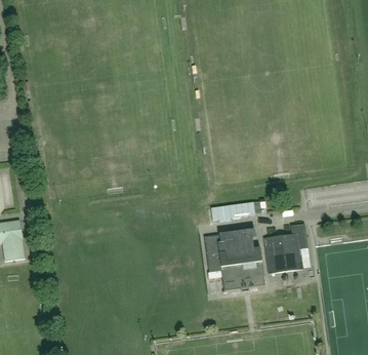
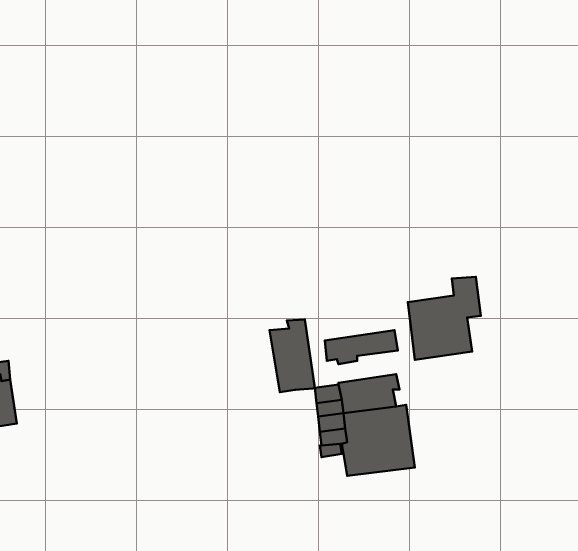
building: none -> [269,319,315,392]
building: [263,223,308,273] -> [408,277,481,360]

